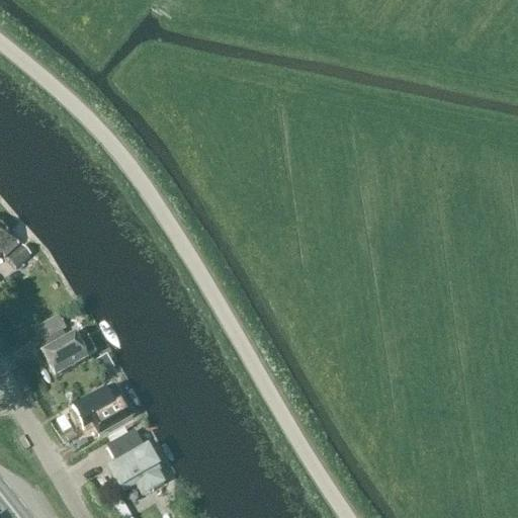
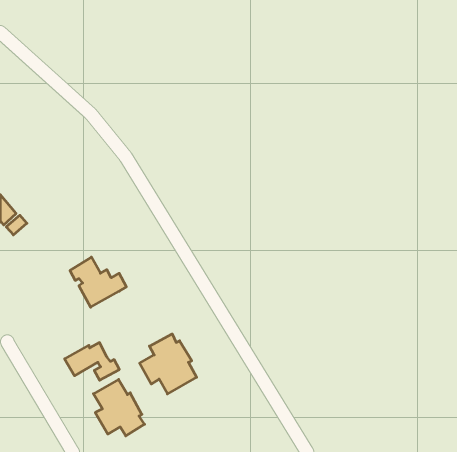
building: [33,317,97,373] -> [70,257,126,307]
building: none -> [140,334,197,394]

